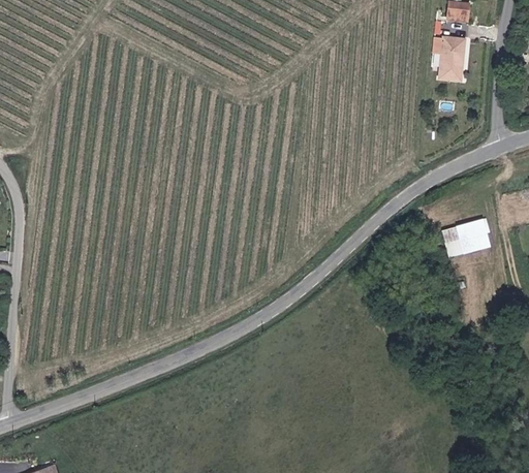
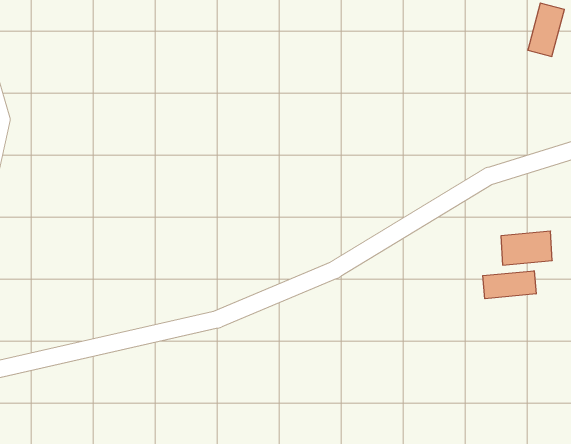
building: none -> [483,271,536,299]

